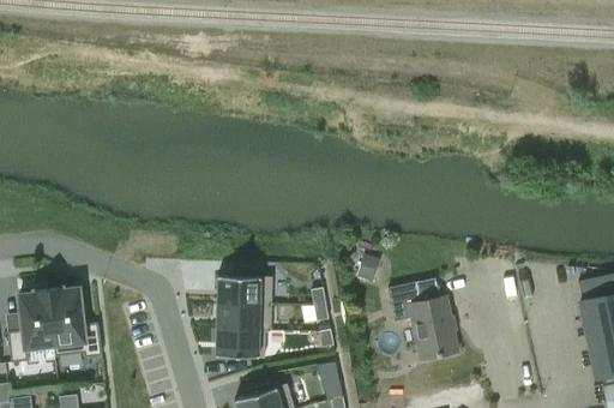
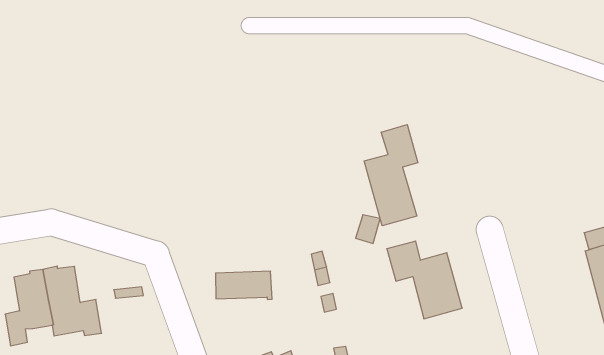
building: none -> [364,125,418,226]
building: [217,266,272,304] -> none
building: [216,328,266,356] -> none

